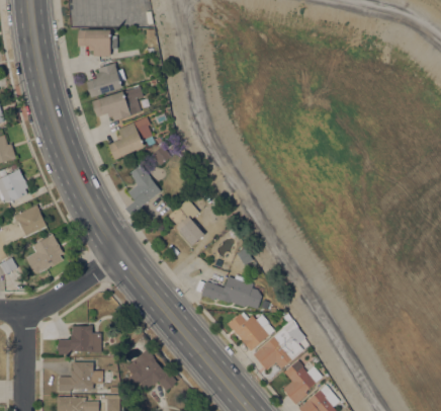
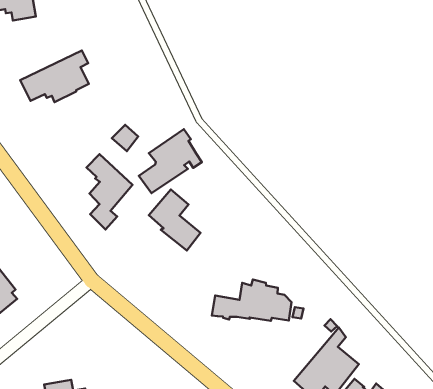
building: [85,63,125,97] -> none
building: [107,116,155,159] -> [139,129,202,193]
building: [228,313,274,350] -> none

